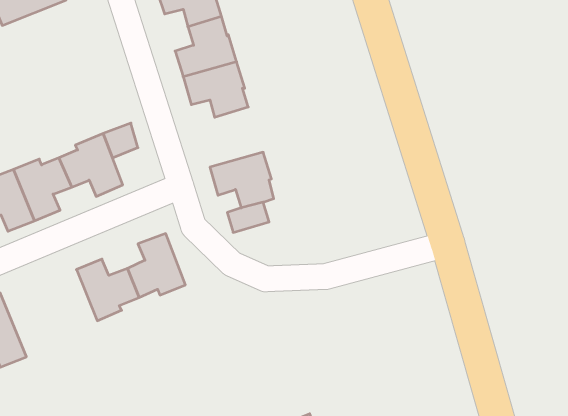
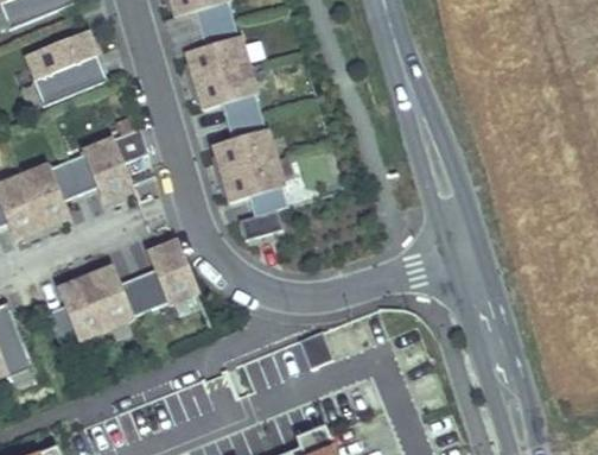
building: none -> [23,31,107,103]
building: none -> [212,109,275,171]
building: none -> [45,276,106,341]

